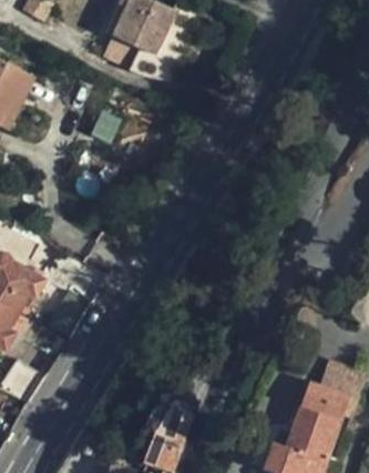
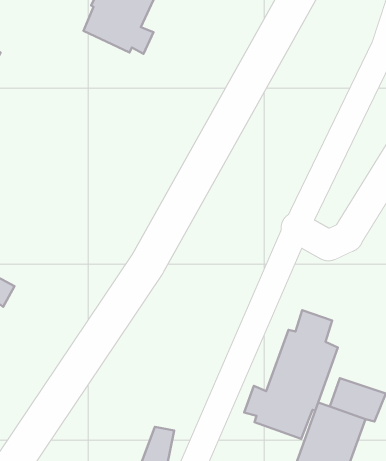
building: none -> [244,310,338,439]

